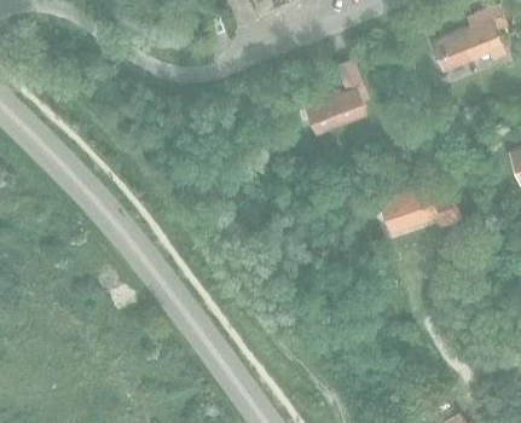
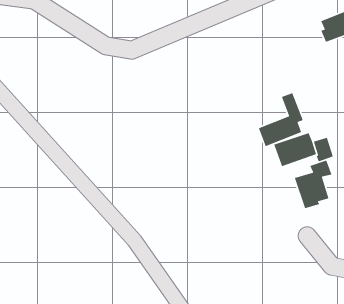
building: [306,63,366,135] -> [258,92,304,147]
building: none -> [294,160,332,209]

